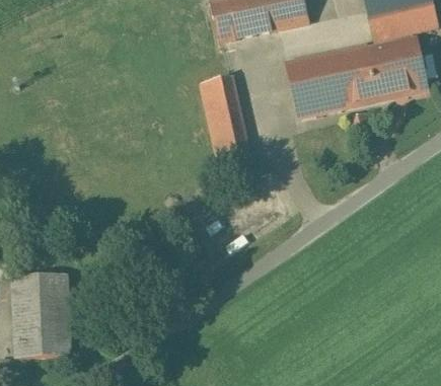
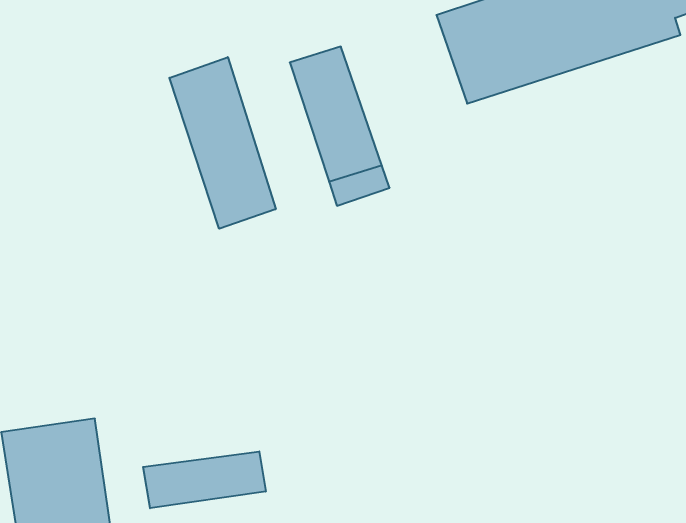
building: none -> [169,57,276,229]
building: none -> [143,451,266,508]

